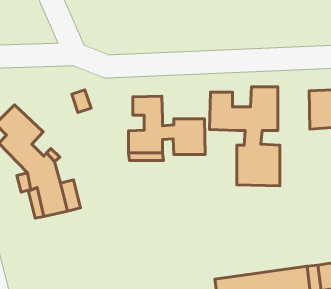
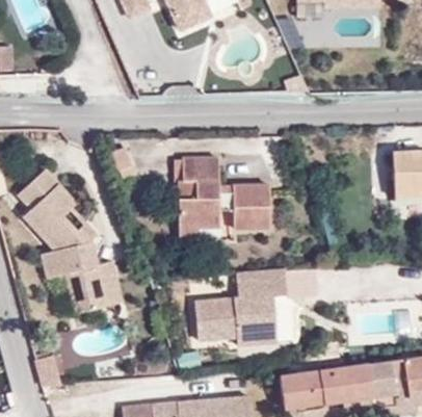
building: [209,87,280,186] -> none
building: none -> [194,271,285,346]

